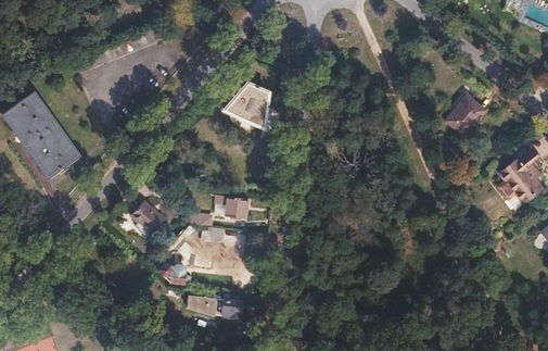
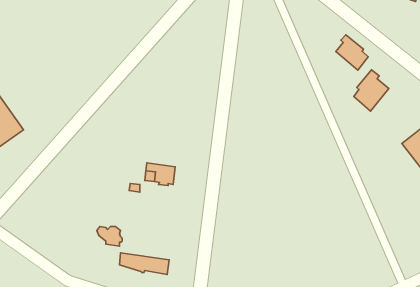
building: none -> [336,35,368,70]
building: [224,83,268,127] -> none
building: [130,202,163,234] -> none

